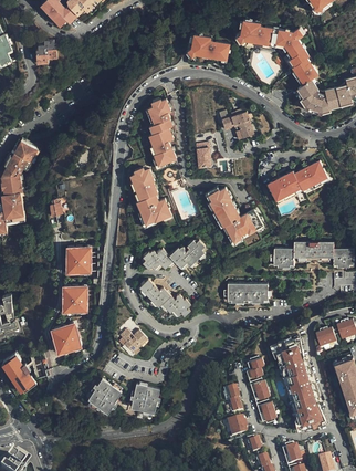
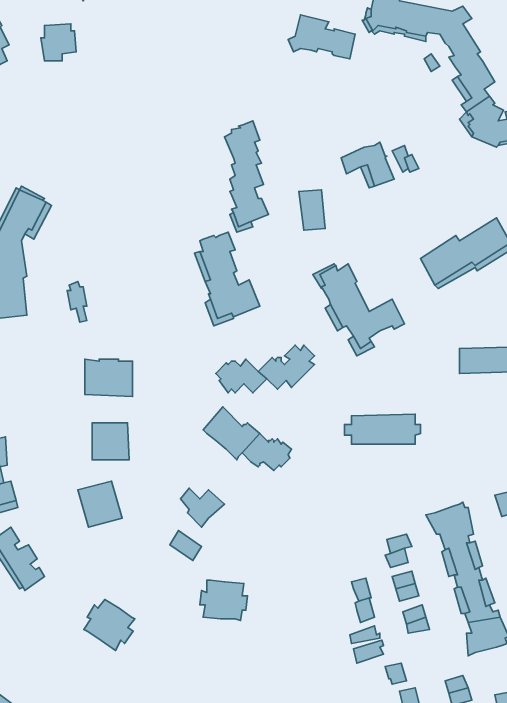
building: [269,248,295,266] -> none
building: [91,379,123,411] -> [84,599,135,651]

